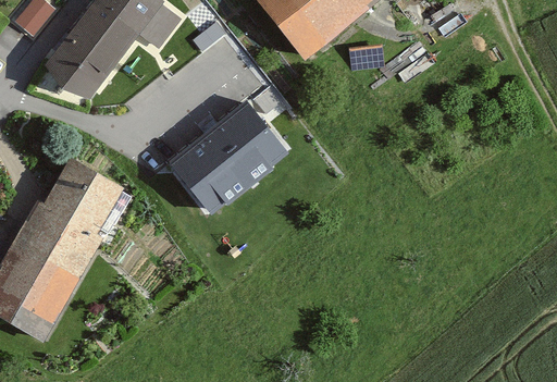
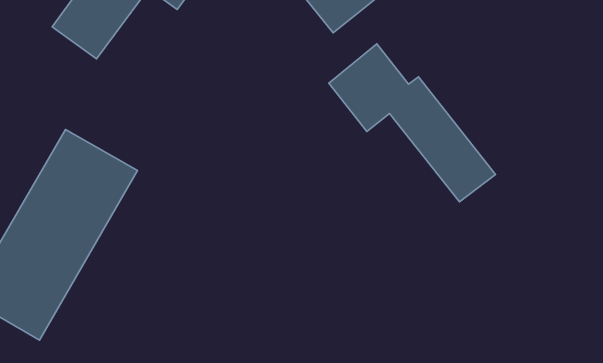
building: none -> [329,44,495,202]
building: [177,99,288,205] -> none

